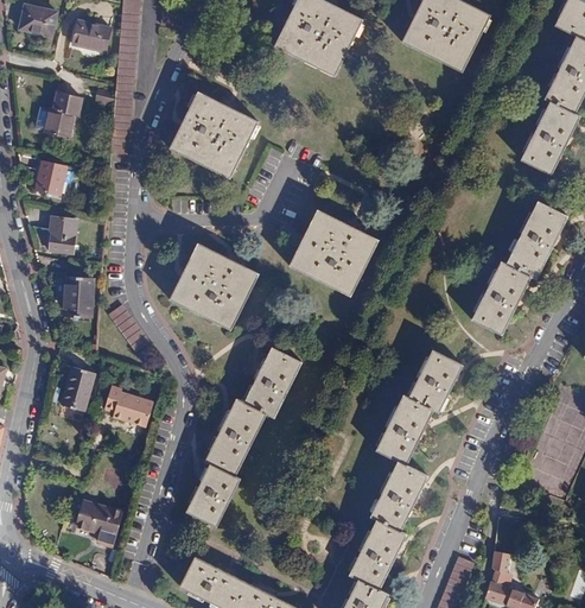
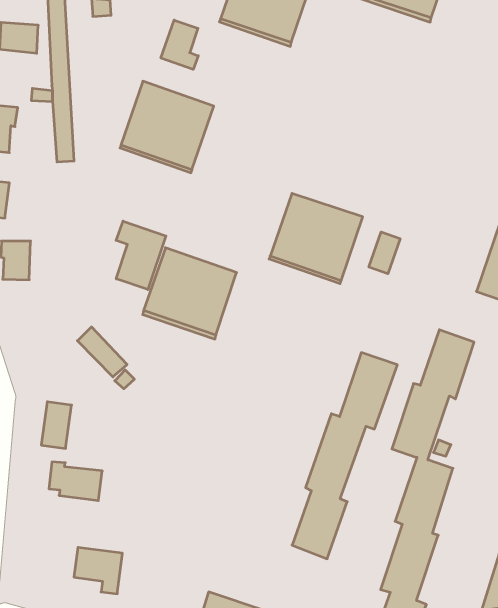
building: none -> [161,20,198,69]
building: none -> [116,221,166,290]
building: none -> [369,232,400,274]
building: [64,276,94,317] -> none
building: [186,347,303,527] -> [292,353,397,559]
building: [104,384,154,424] -> [49,462,102,501]

